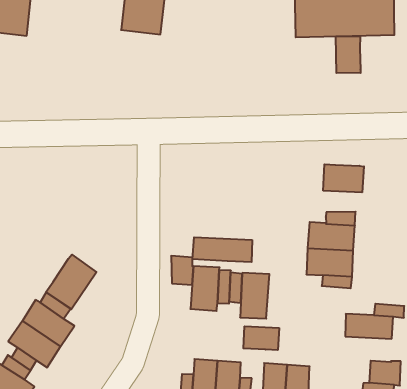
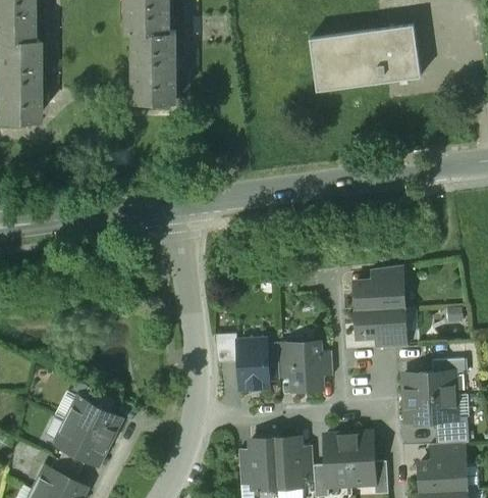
building: [336,36,361,73] -> none
building: [323,164,364,192] -> none
building: [192,237,252,262] -> none
building: [46,255,96,309] -> none
building: [243,326,279,350] -> none
building: none -> [406,395,457,421]

